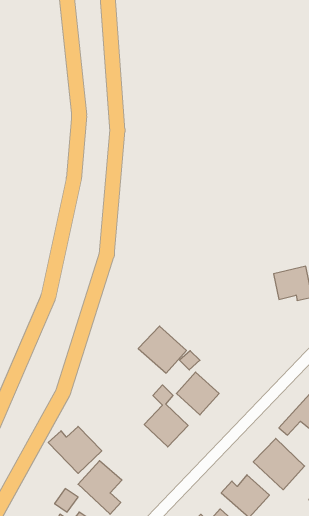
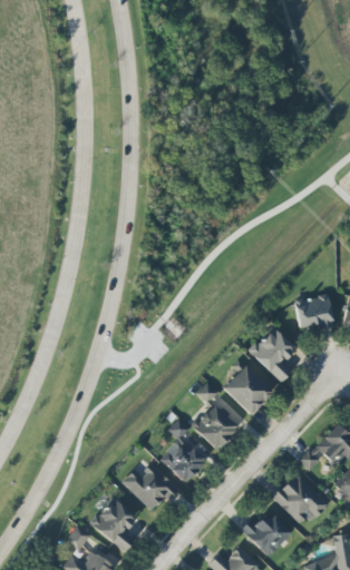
building: none -> [251,327,295,382]
building: [138,326,186,373] -> [223,365,273,414]
building: [48,426,102,473] -> [123,463,178,512]

